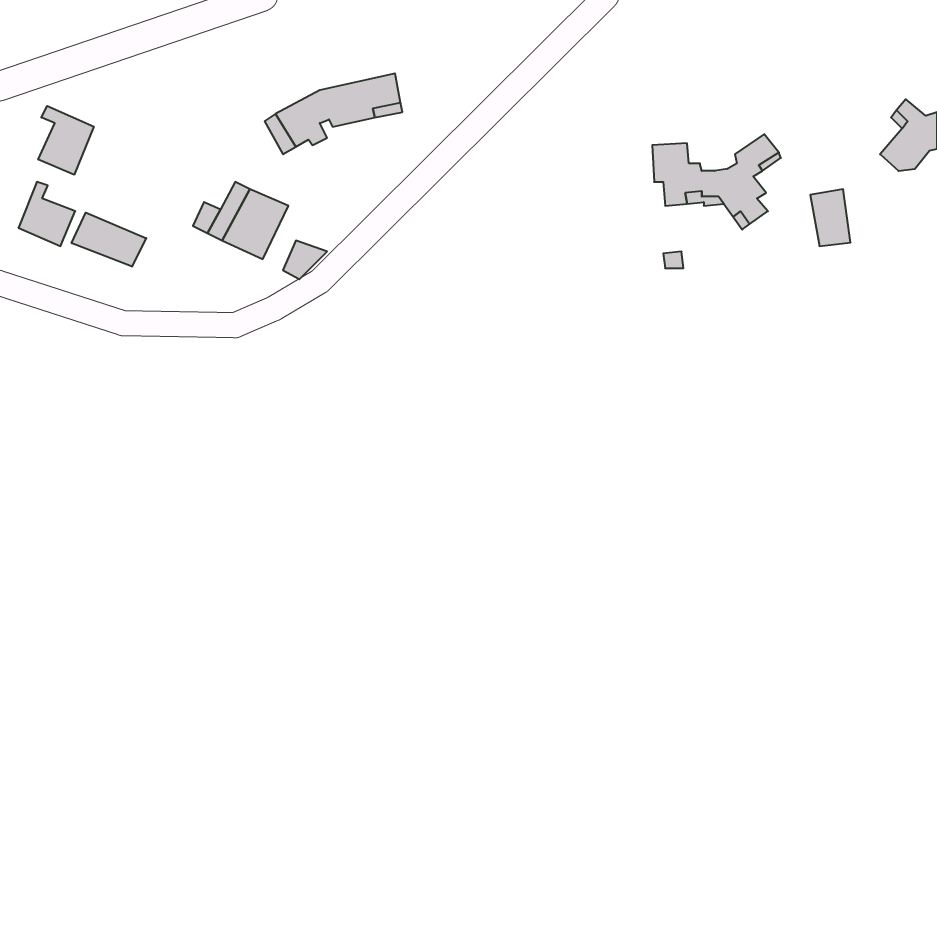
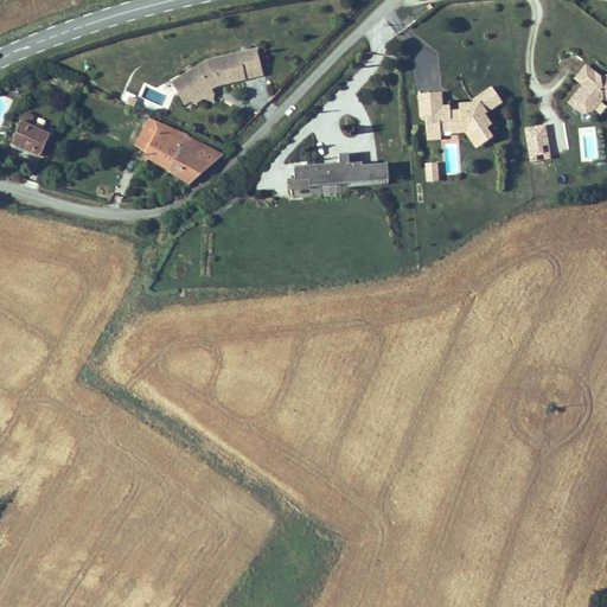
building: [38,106,94,175] -> none
building: none -> [170,133,221,174]
building: [72,213,146,267] -> none
building: none -> [296,154,391,187]

